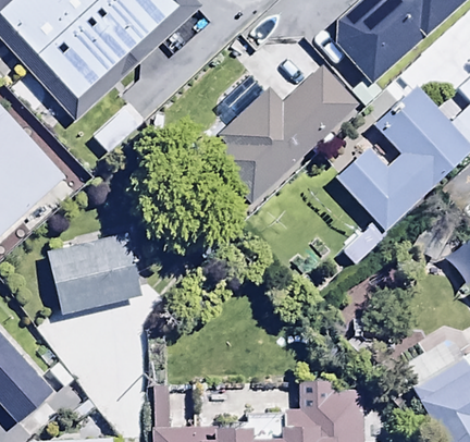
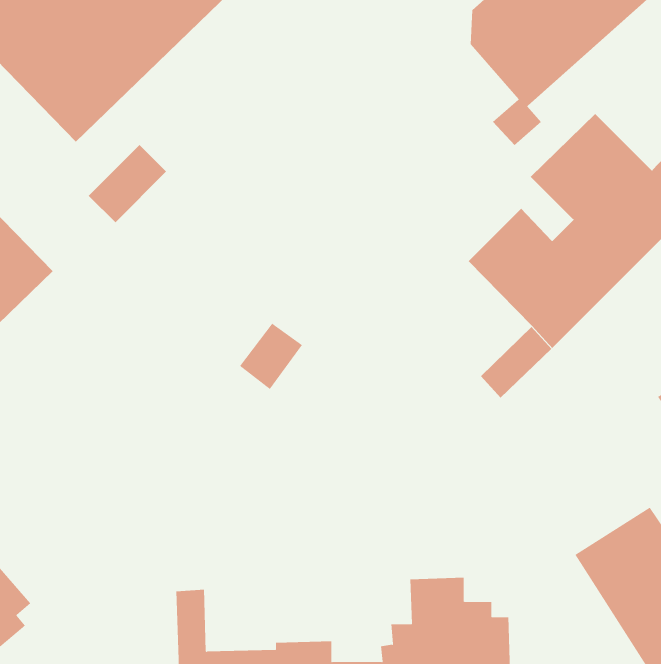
building: [209,64,358,205] -> none
building: [47,232,140,314] -> none

